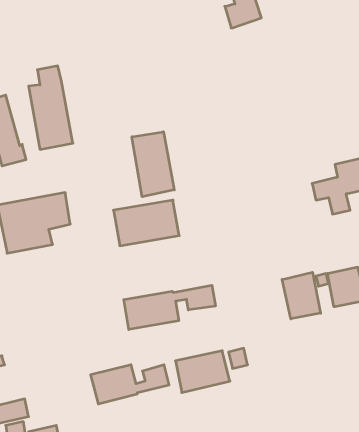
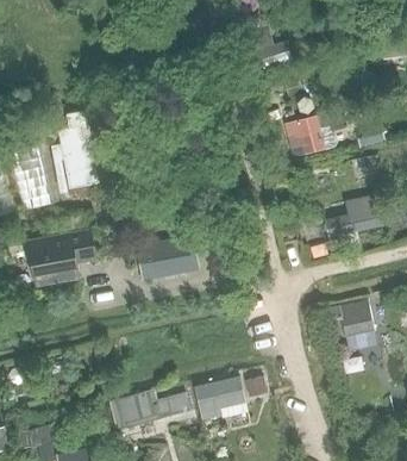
building: none -> [283,108,345,154]
building: [132,132,174,197] -> none
building: [282,272,321,319] -> none
building: [124,285,215,330] -> none

